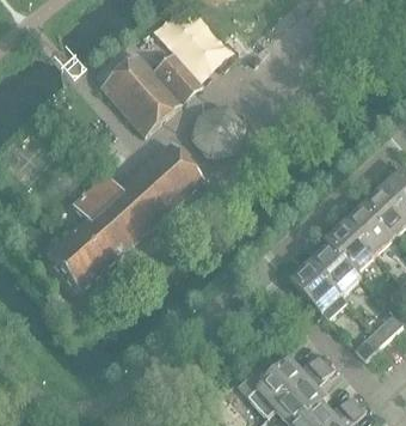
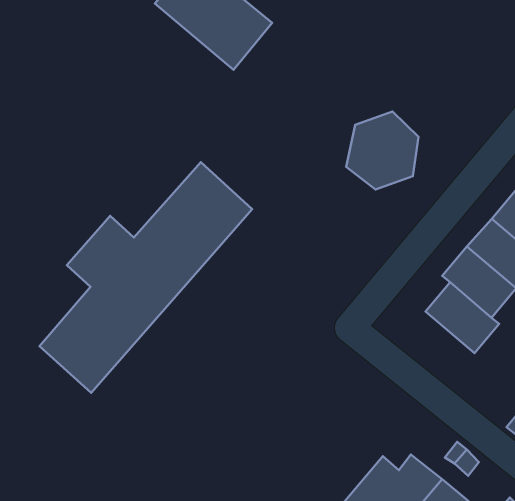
building: [100,51,201,134] -> none
building: [190,105,241,157] -> [346,112,418,190]
building: [291,262,347,320] -> none

